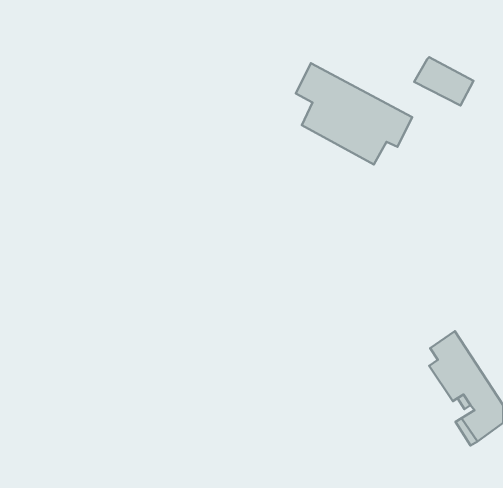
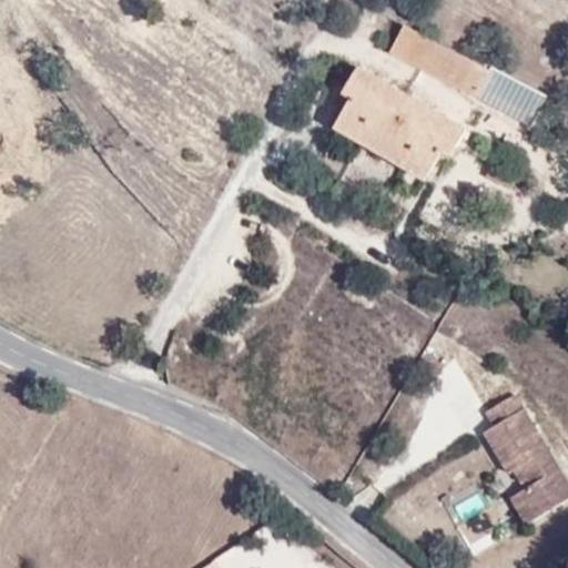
building: none -> [377,21,480,92]

